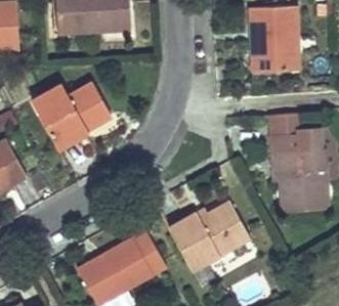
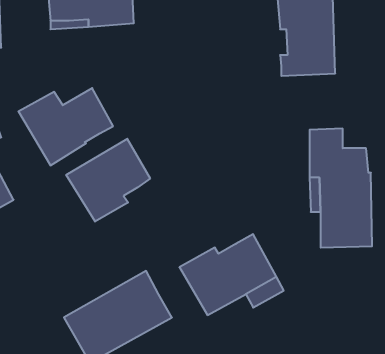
building: none -> [66,139,150,222]

